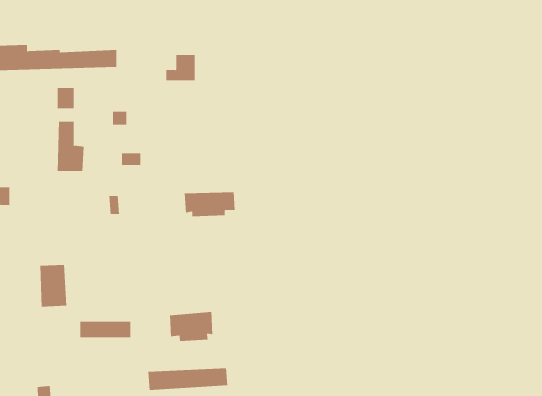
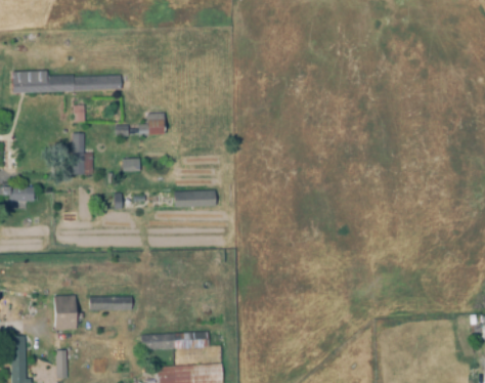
building: [165,54,196,81] -> [139,113,164,134]
building: [40,264,67,307] -> [54,295,77,330]
building: [170,311,213,342] -> none

